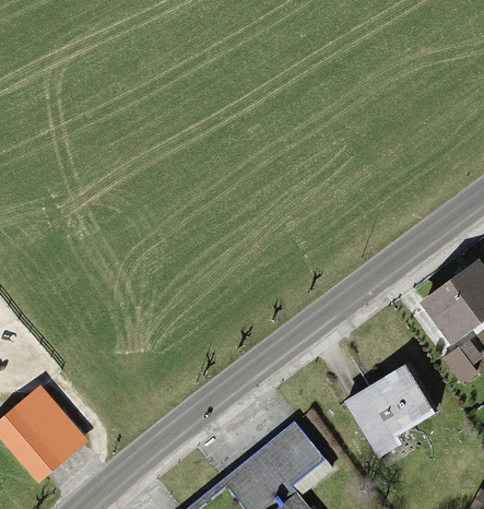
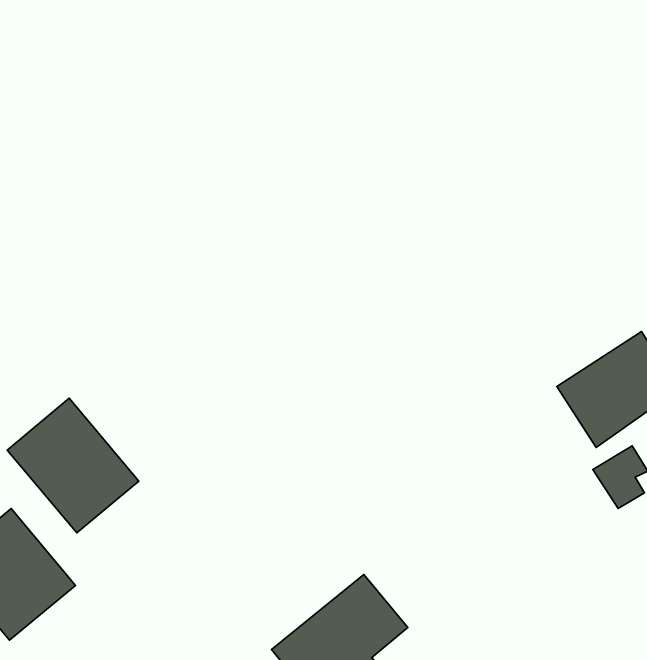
building: none -> [7,398,139,533]
building: [347,366,433,443] -> none

